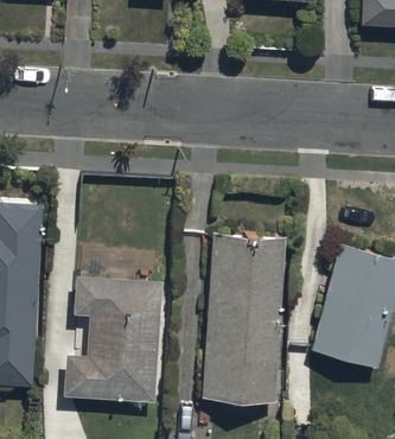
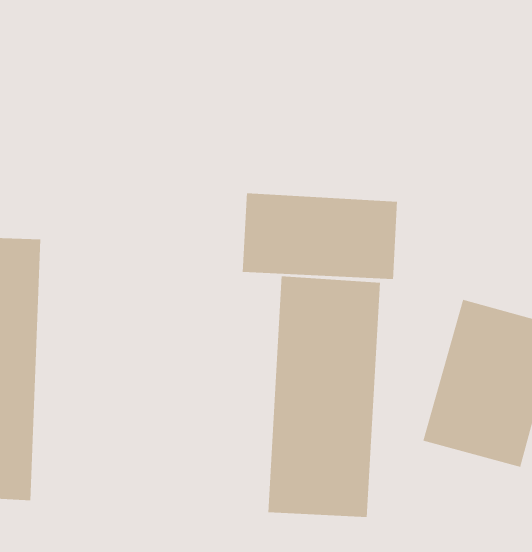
building: none -> [242,193,398,280]
building: [65,272,165,406] -> none

